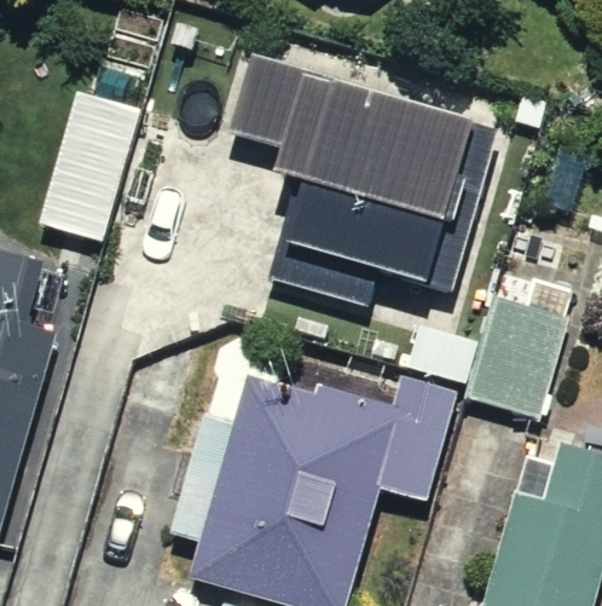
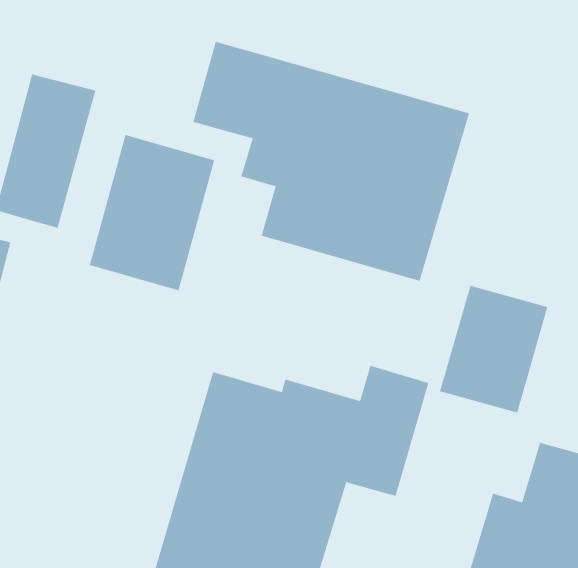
building: none -> [89,134,215,291]

